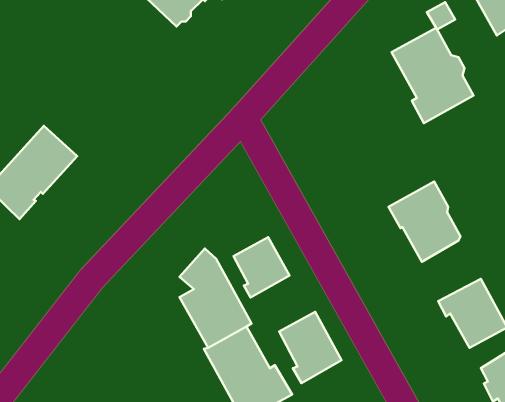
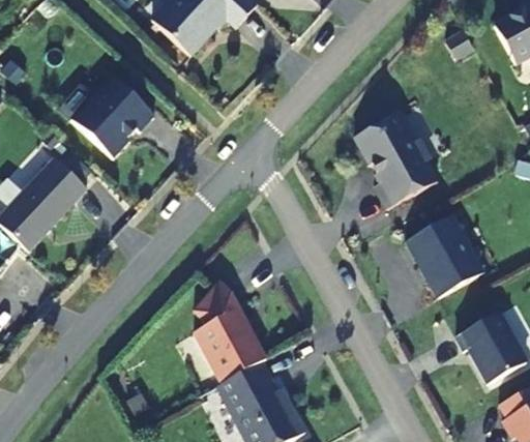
building: [391,28,474,123] -> [352,110,436,207]
building: none -> [69,78,153,158]
building: [234,237,289,297] -> none
building: [279,312,342,383] -> none

